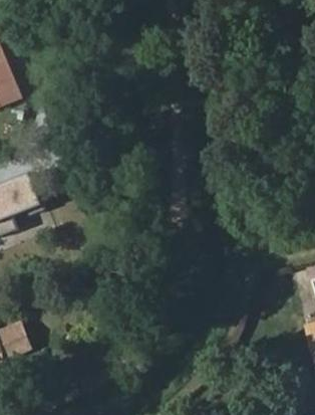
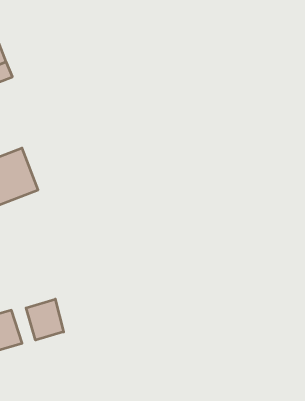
building: none -> [26,299,64,340]

